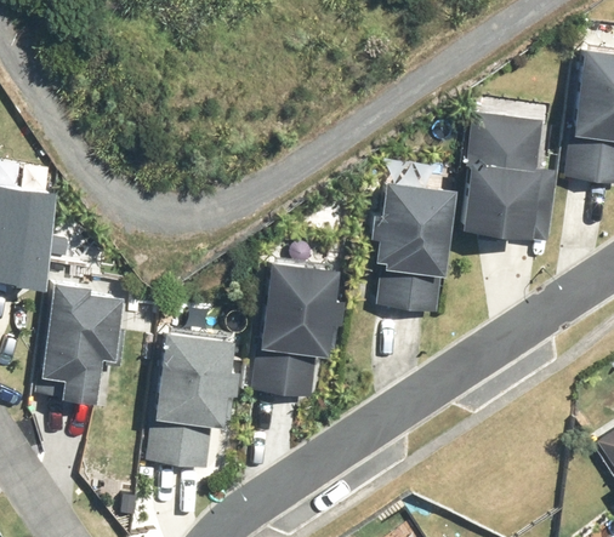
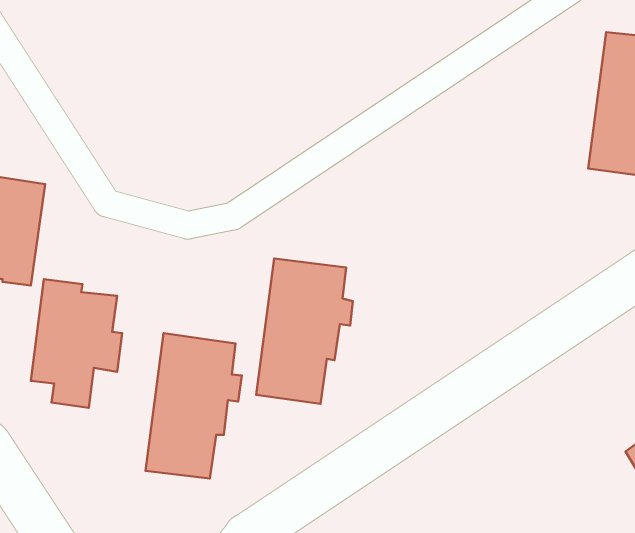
building: [460,115,558,245] -> none
building: [370,182,454,314] -> none

